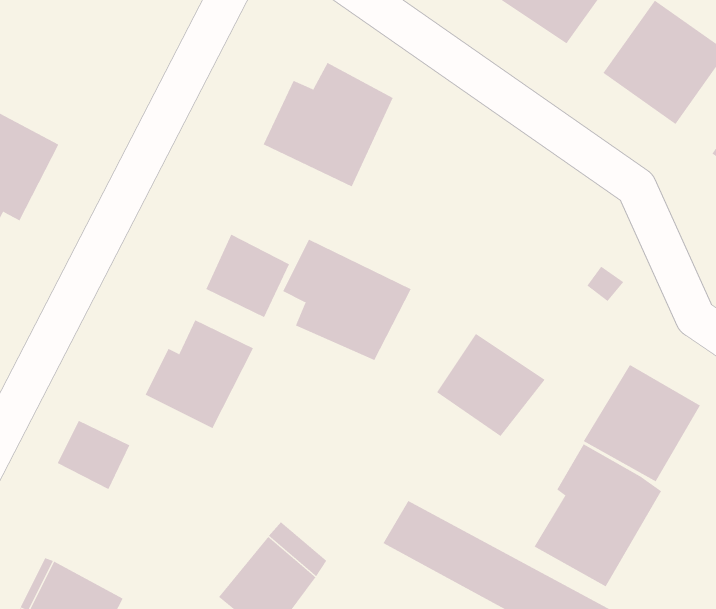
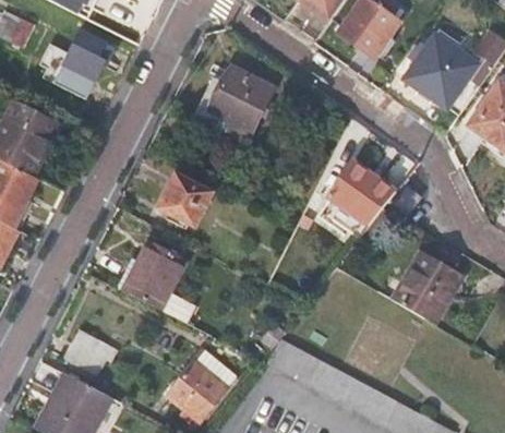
building: none -> [48,37,105,96]
building: [283,239,412,361] -> none
building: [436,333,545,437] -> [327,165,394,228]
building: [57,420,130,490] -> [64,332,109,374]
building: [534,444,662,587] -> none

